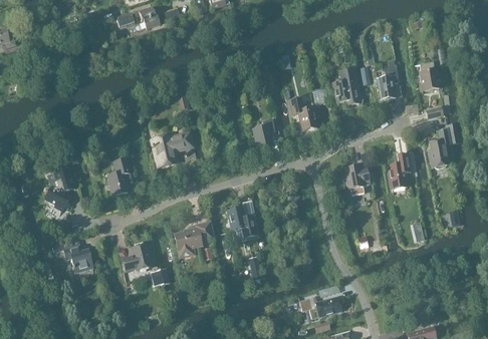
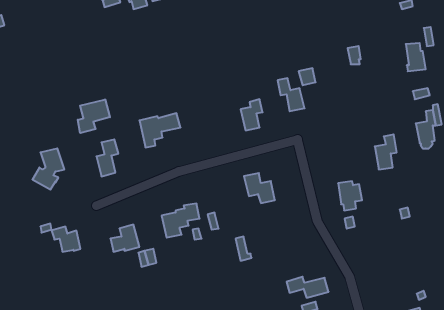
building: [377,60,399,99] -> none
building: [332,67,358,104] -> none
building: none -> [78,99,110,133]
building: [345,165,370,195] -> [338,181,362,210]
building: [227,208,258,238] -> [244,173,275,203]

